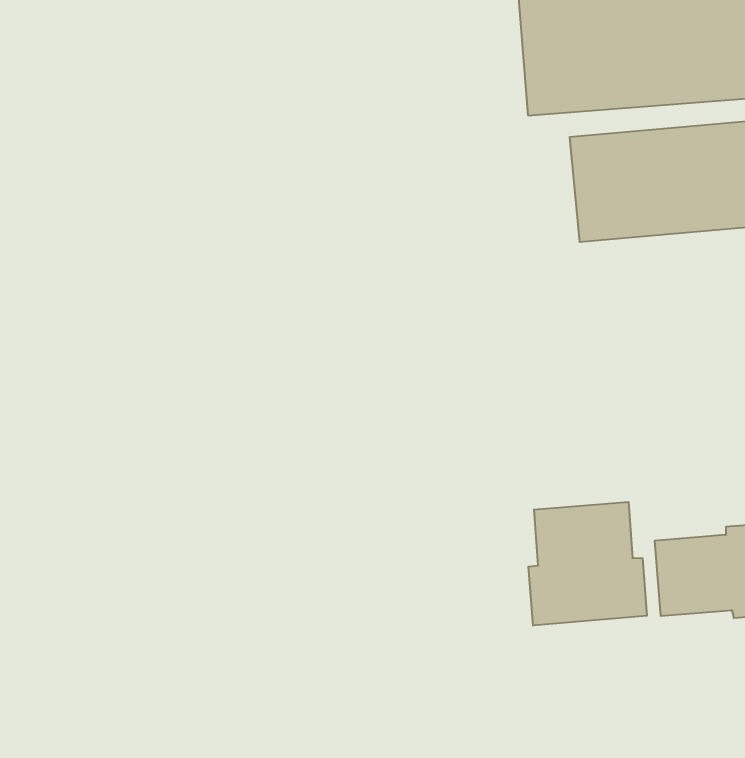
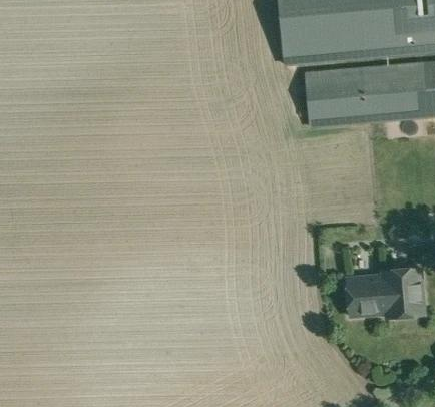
building: [528,502,647,626] -> none

